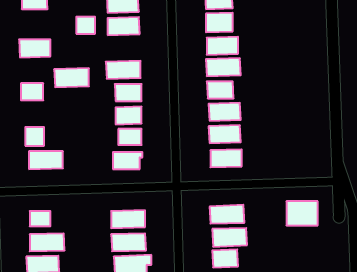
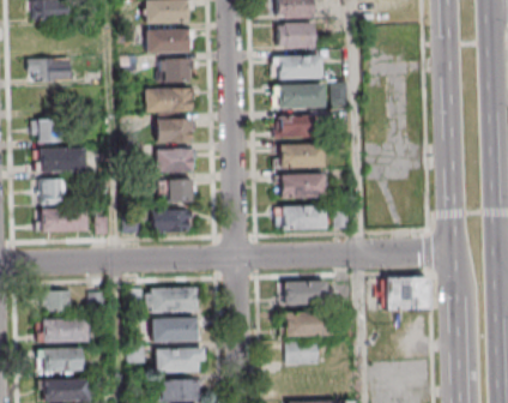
building: [76,17,95,34] -> [164,59,189,82]
building: [54,68,89,87] -> [38,148,85,173]

